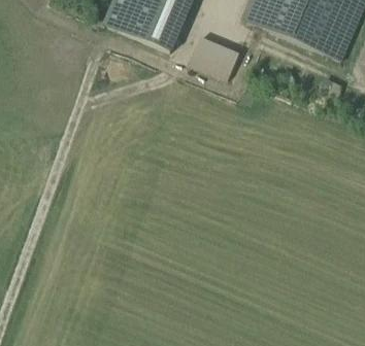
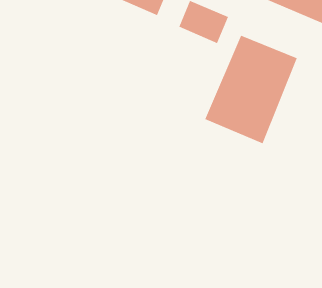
building: none -> [205,35,298,144]

